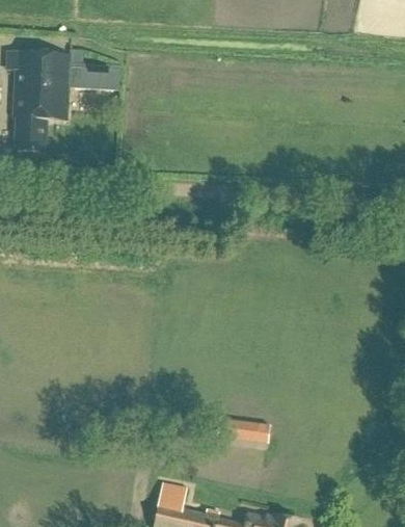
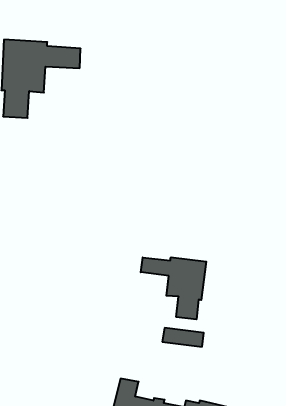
building: none -> [141,257,206,319]

